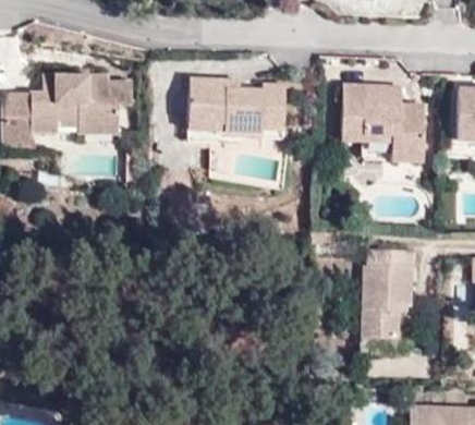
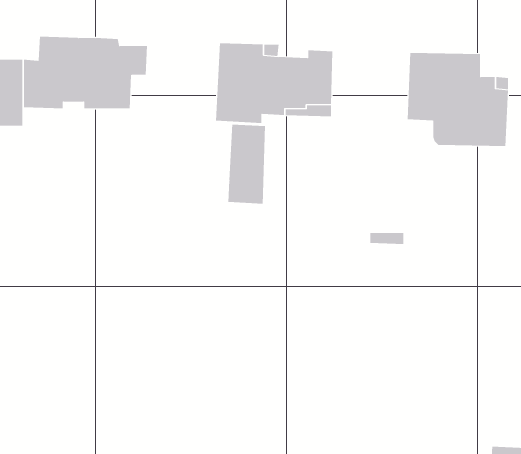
building: none -> [228,124,266,204]
building: [361,248,413,339] -> none

